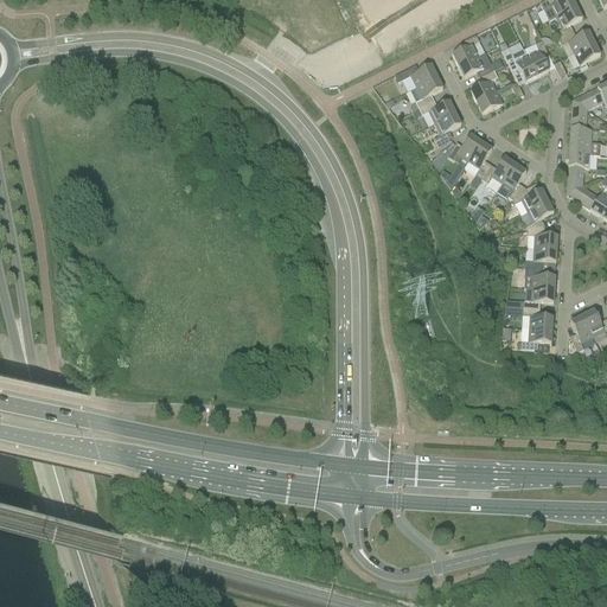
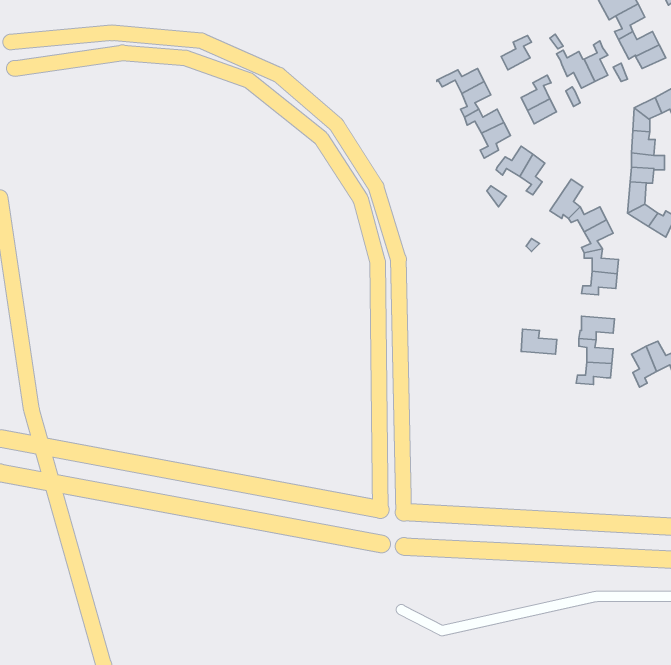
building: [459,50,494,75] -> none
building: [481,154,516,190] -> none
building: [524,264,556,287] -> [521,329,557,354]

